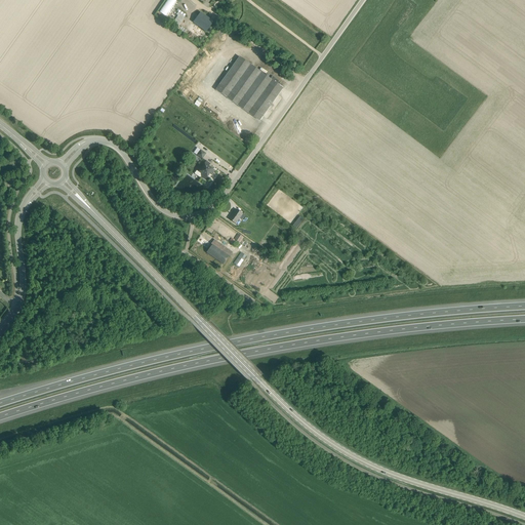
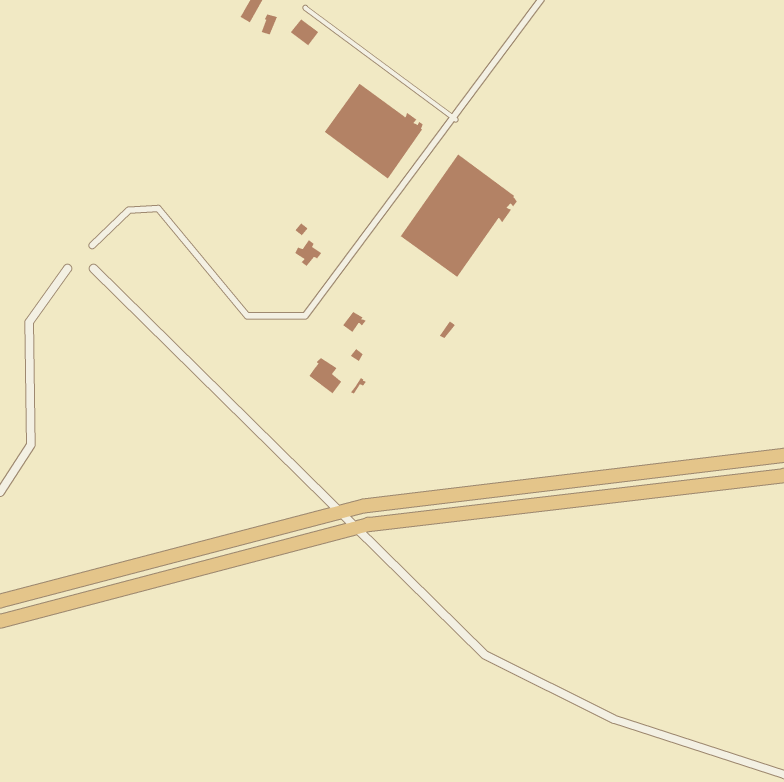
building: none -> [400,153,517,278]

